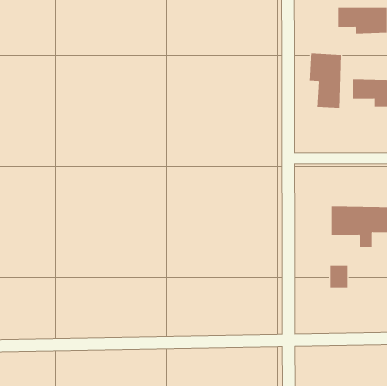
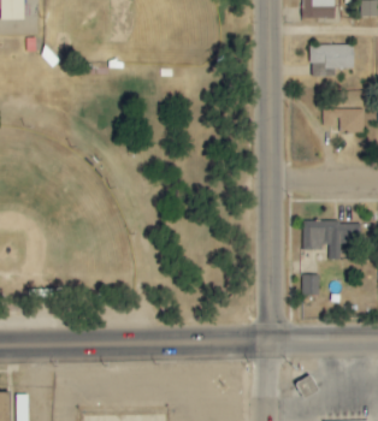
building: [309,53,342,109] -> none

